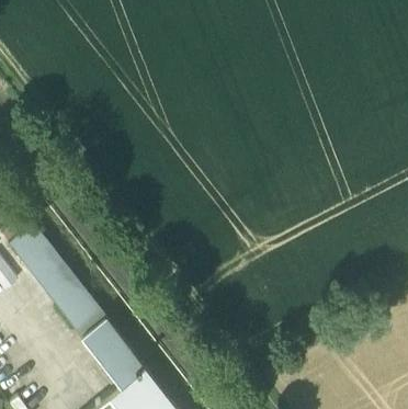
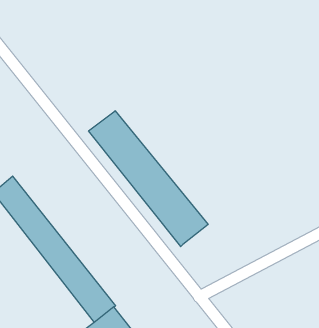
building: none -> [89,111,208,247]

